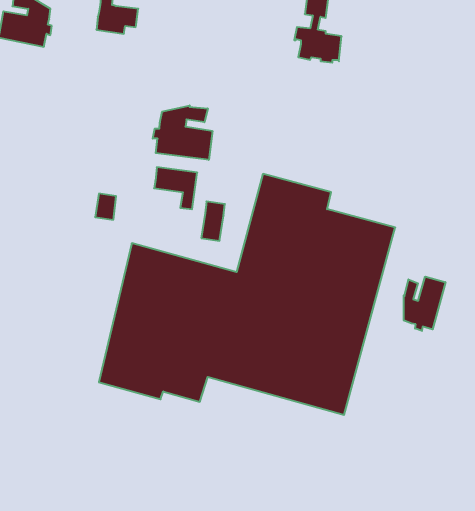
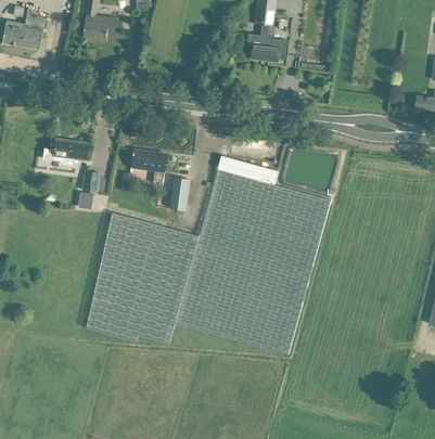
building: [153,105,212,160] -> none
building: none -> [42,139,88,166]
building: [404,277,445,331] -> none

